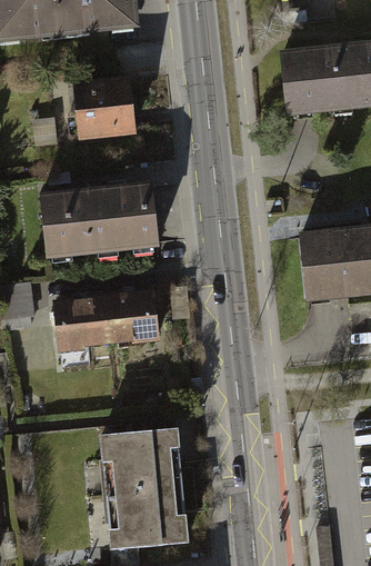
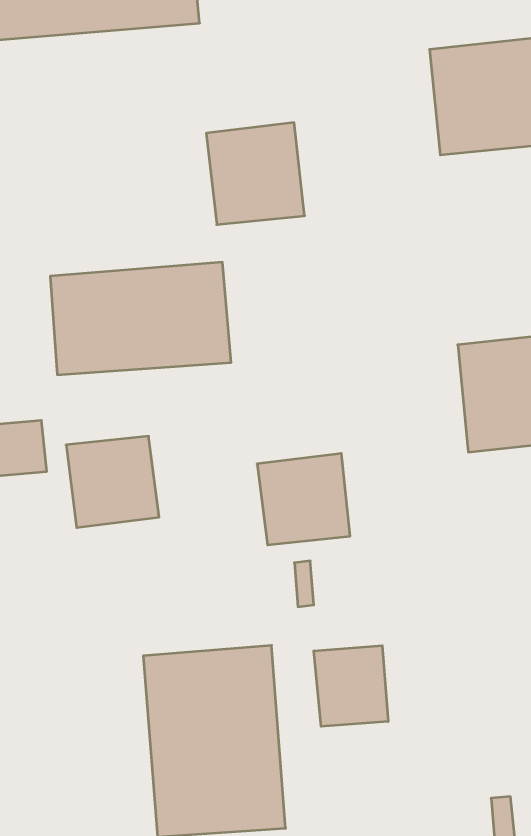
building: [69,78,131,142] -> [206,123,305,225]
building: [101,287,160,345] -> [257,453,350,545]
building: none -> [314,646,388,726]

